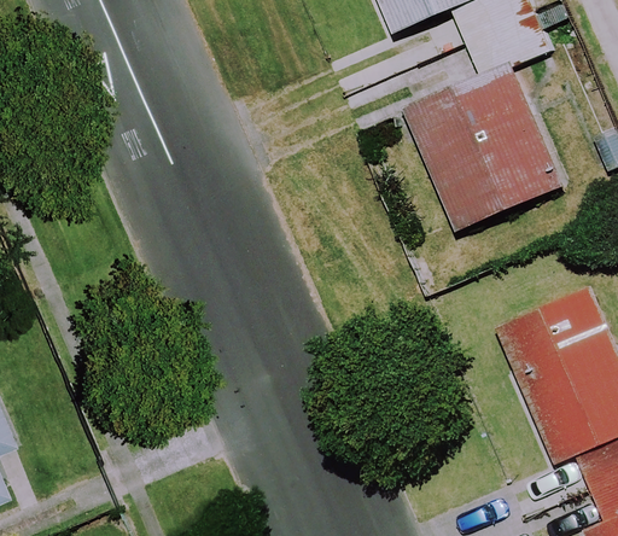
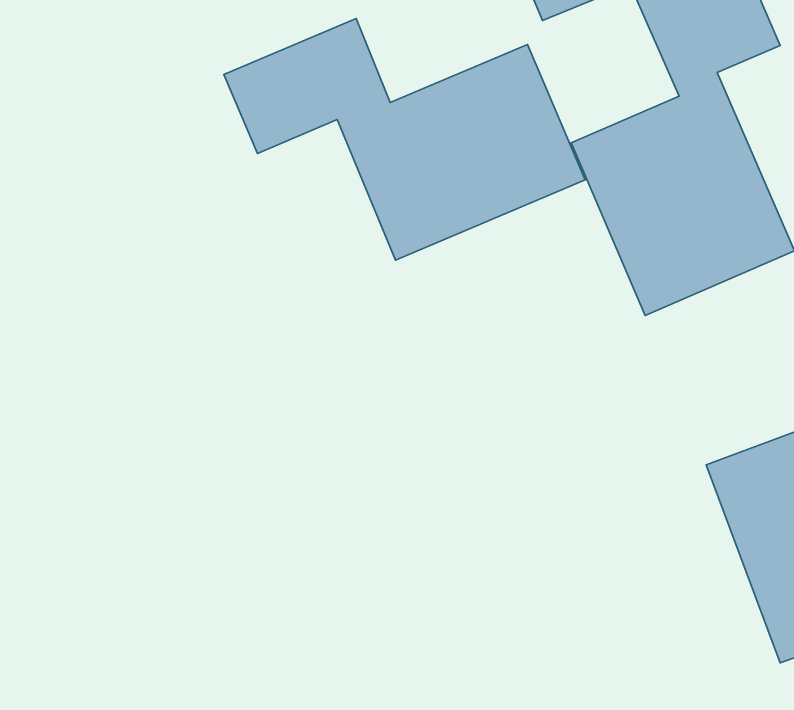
building: none -> [224,18,585,260]

